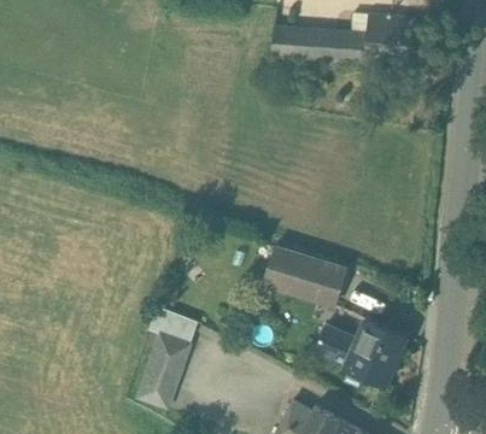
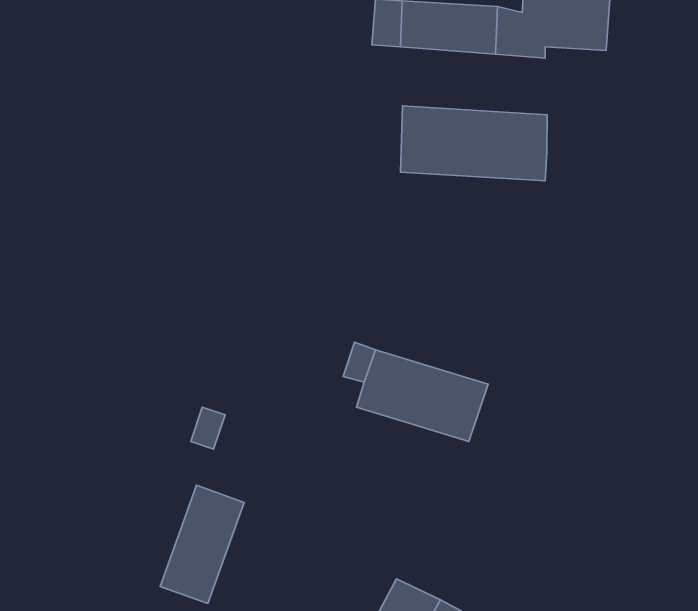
building: none -> [401,106,547,181]
building: [148,310,198,346] -> none
building: [315,321,406,387] -> none

